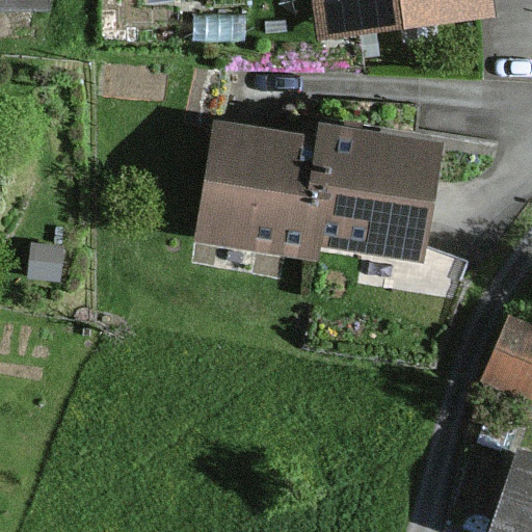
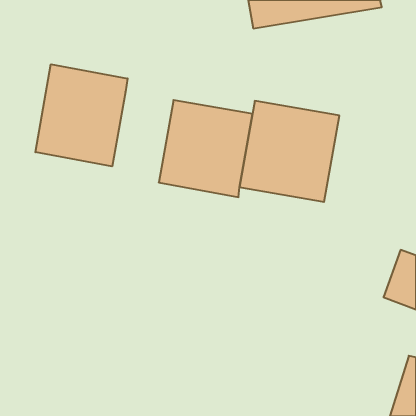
building: none -> [35,64,128,166]

